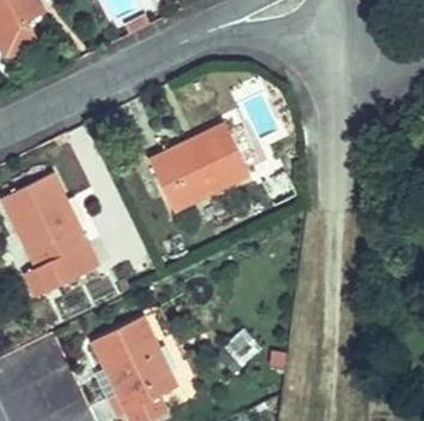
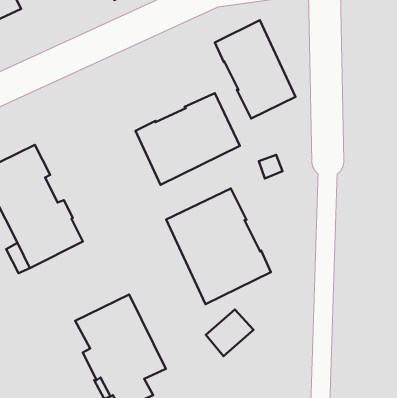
building: none -> [215,20,296,118]
building: none -> [166,189,271,304]

